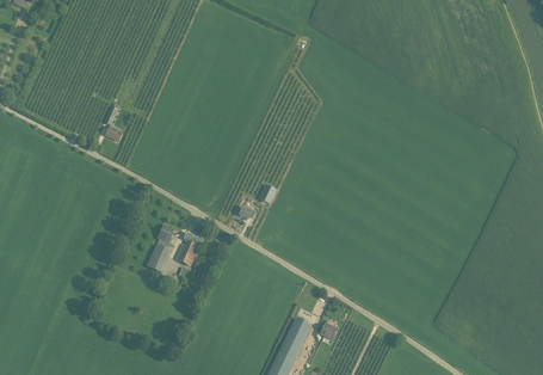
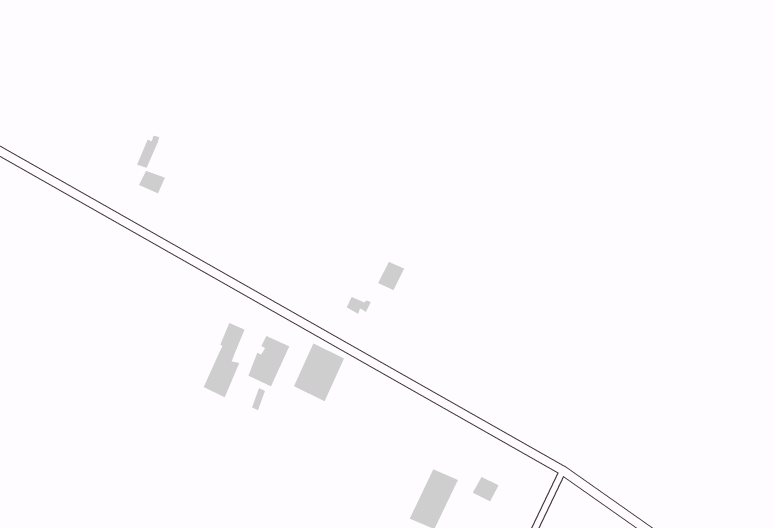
building: none -> [293,343,345,402]

